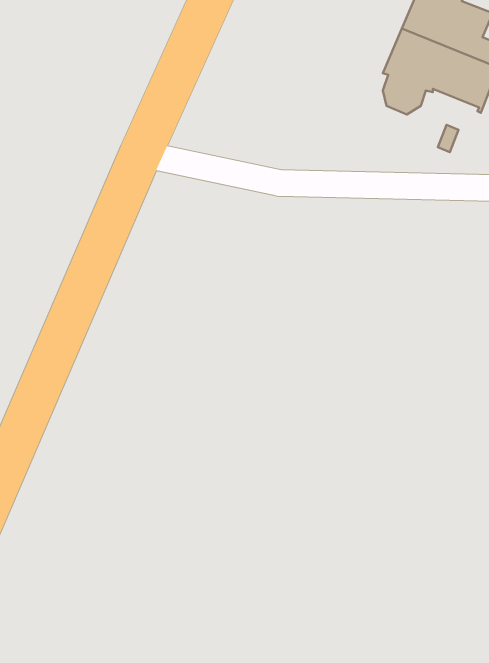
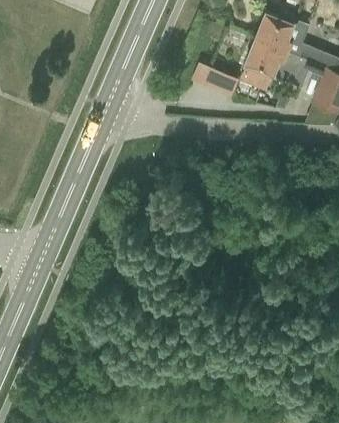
building: none -> [191,59,240,97]

